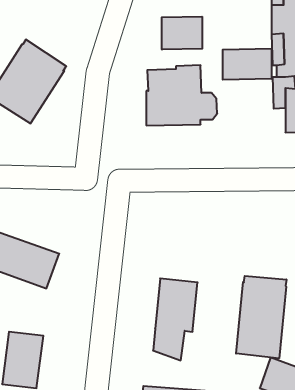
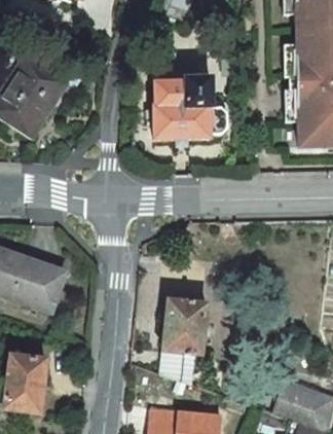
building: [162,17,202,50] -> none
building: [223,49,272,80] -> none
building: [236,276,286,358] -> none

